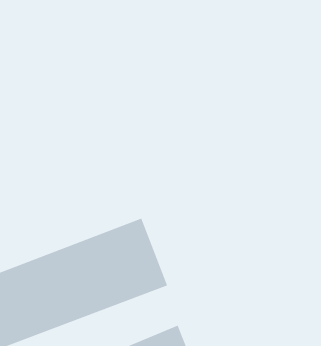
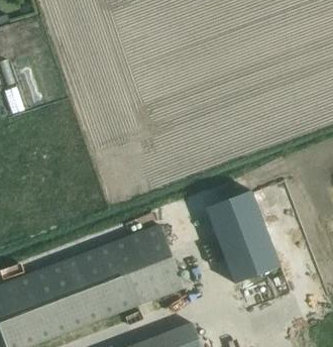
building: none -> [205,190,279,283]

